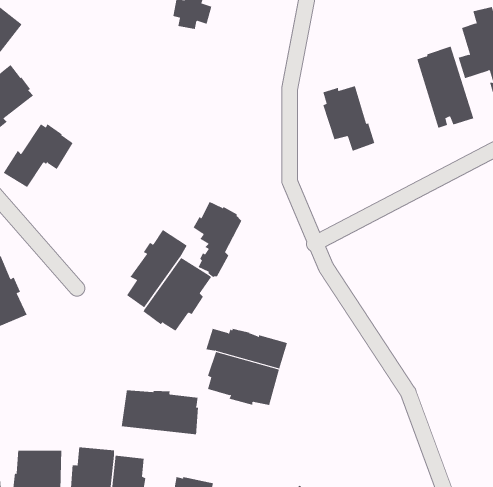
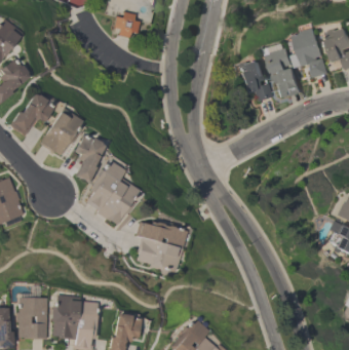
building: [322,85,375,151] -> [240,60,273,101]
building: none -> [41,108,83,155]
building: [193,201,242,279] -> [74,134,105,183]
building: [121,390,199,435] -> none

